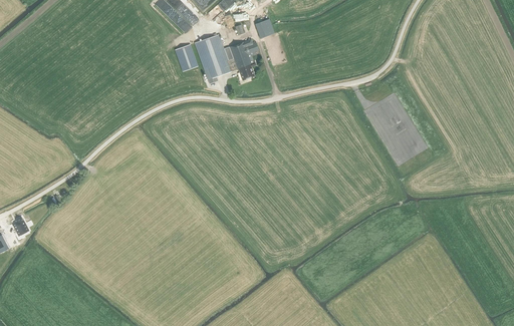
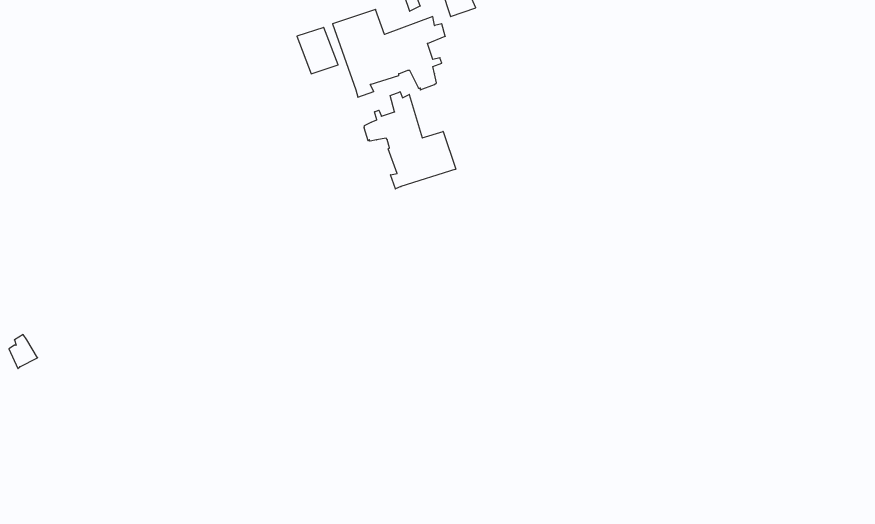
building: none -> [364,92,456,189]

